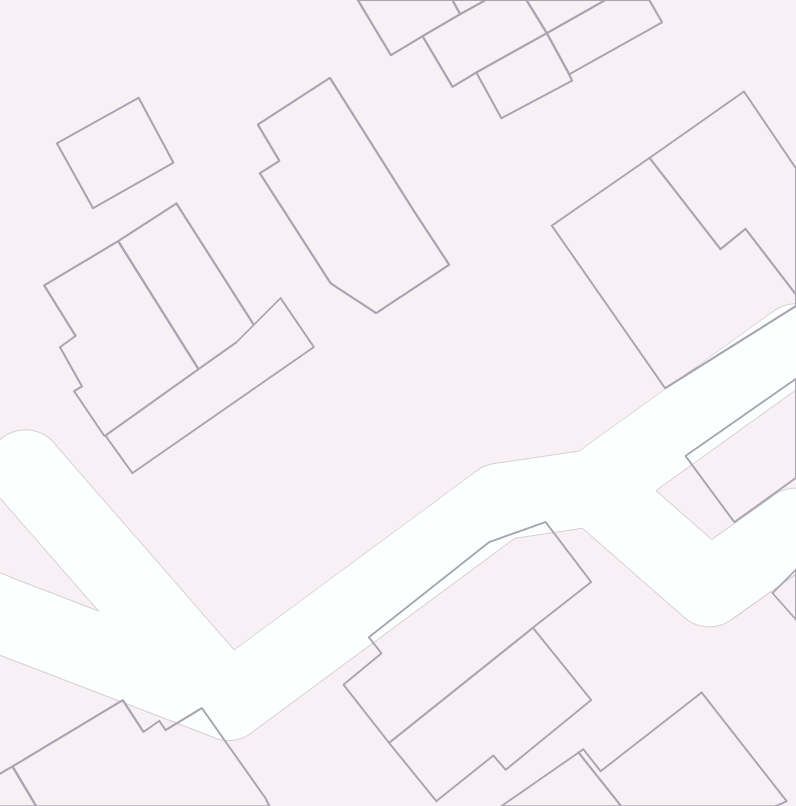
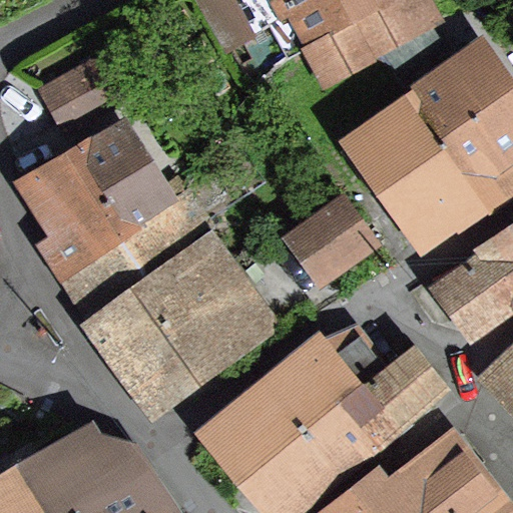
building: [258,78,449,313] -> none
building: none -> [289,200,369,279]
building: none -> [89,239,255,396]
building: none -> [339,346,442,445]

